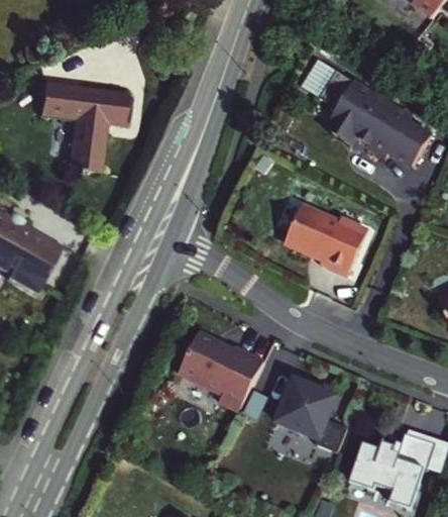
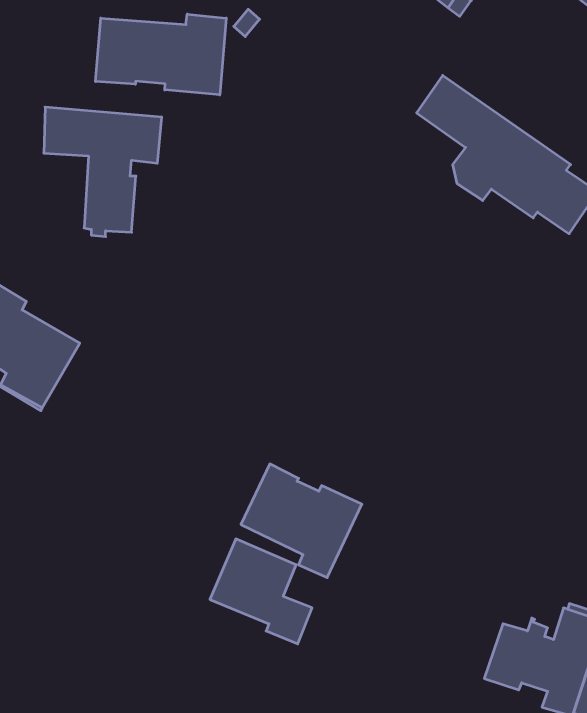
building: none -> [96,14,226,95]
building: [287,203,368,276] -> none
building: [275,378,347,451] -> [210,539,312,644]

